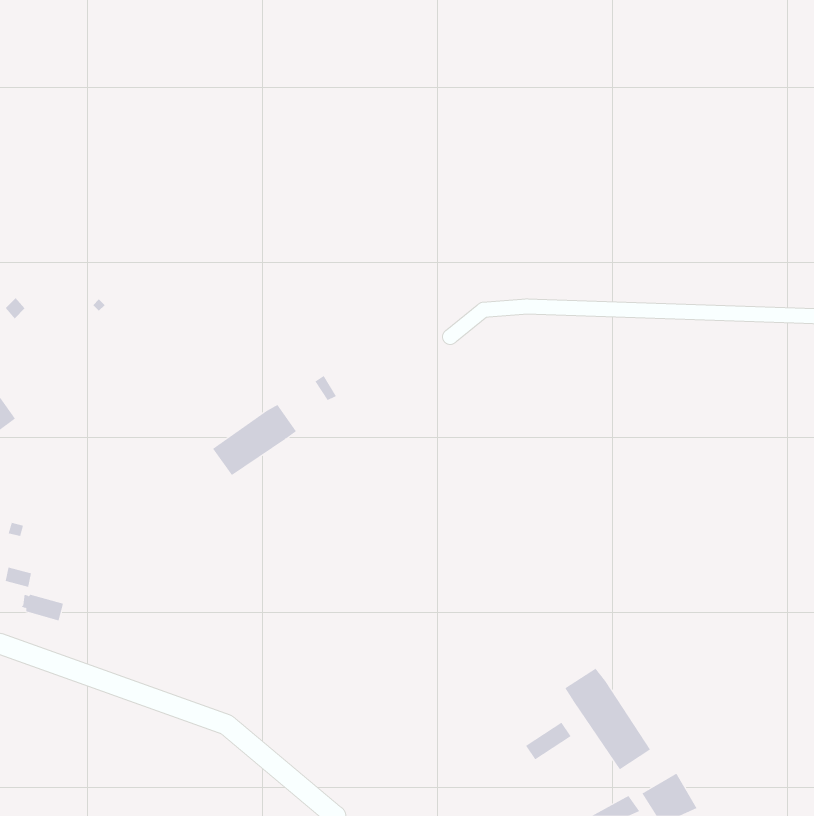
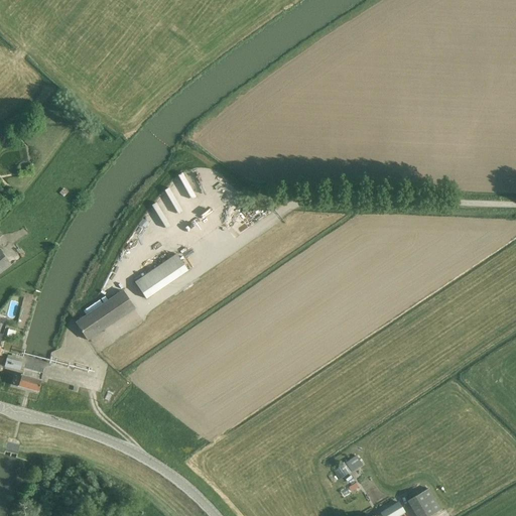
building: none -> [74,289,134,341]
building: [564,668,651,770] -> none

